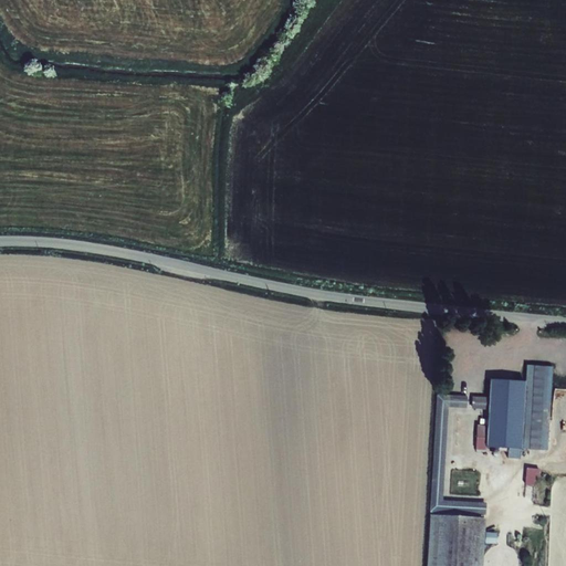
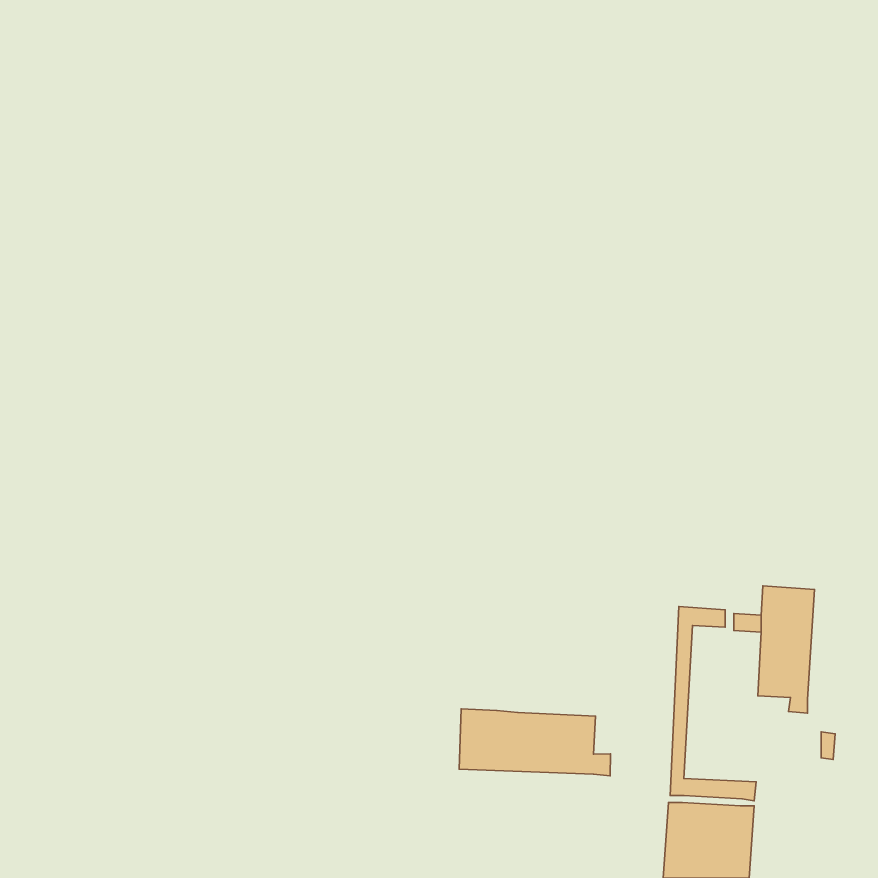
building: [522,367,553,450] -> none
building: none -> [459,709,610,776]

